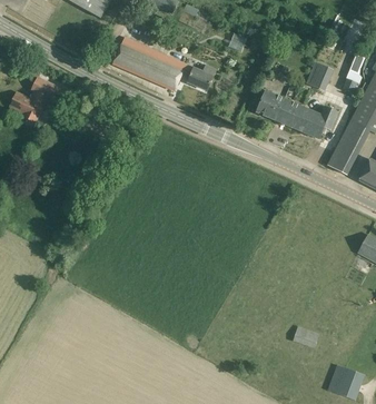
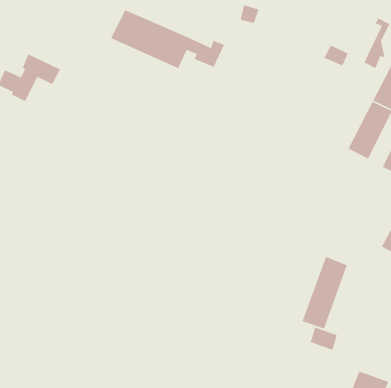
building: [256,90,339,138] -> none
building: none -> [301,256,348,329]

